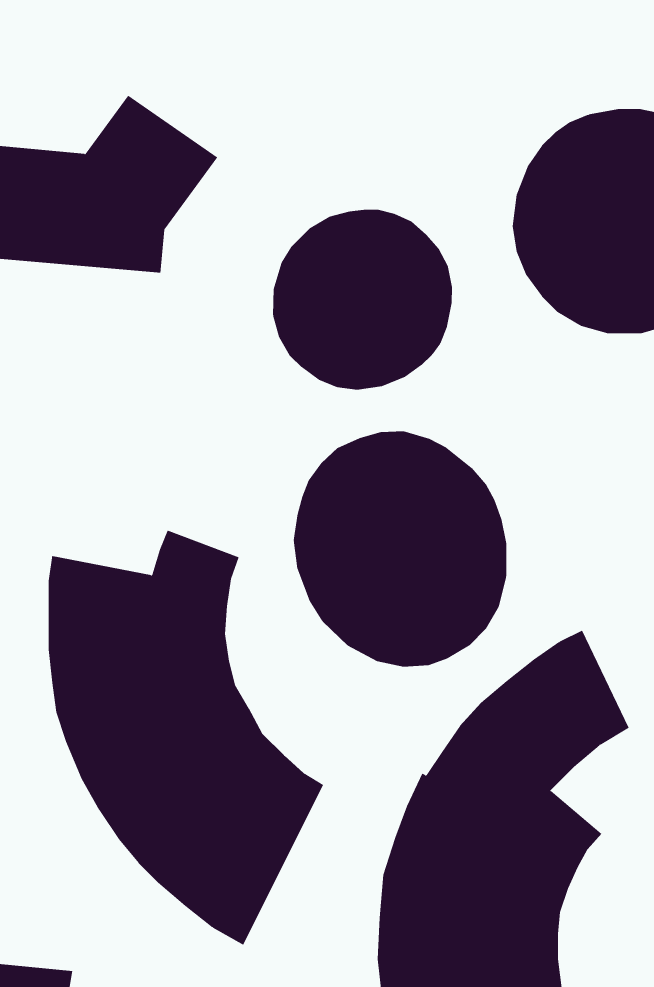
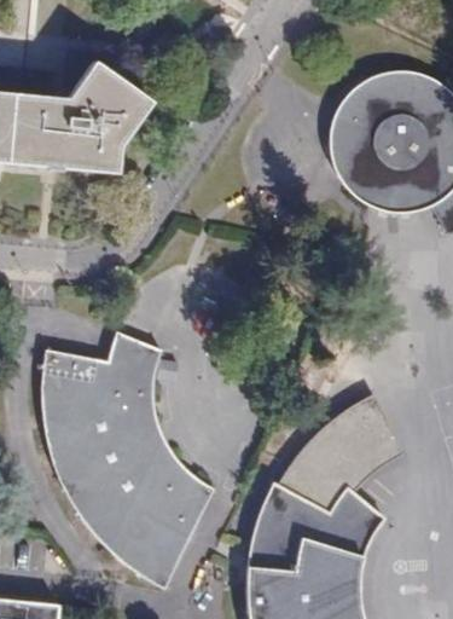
building: [273,209,453,390] -> none
building: [293,431,507,667] -> none

